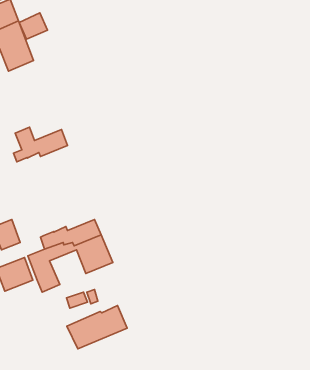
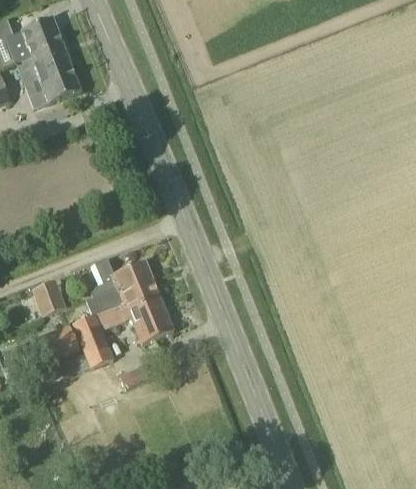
building: [19,13,47,39] -> none
building: [14,127,68,162] -> [88,258,152,299]
building: [67,305,127,349] -> none

